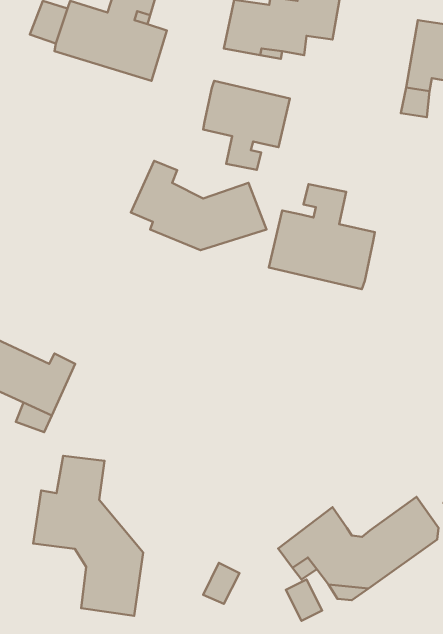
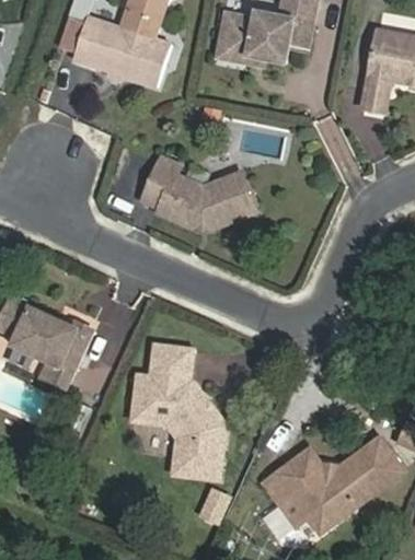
building: [203,81,290,170] -> none
building: [269,184,375,289] -> none
building: [33,456,143,616] -> [129,342,222,478]

